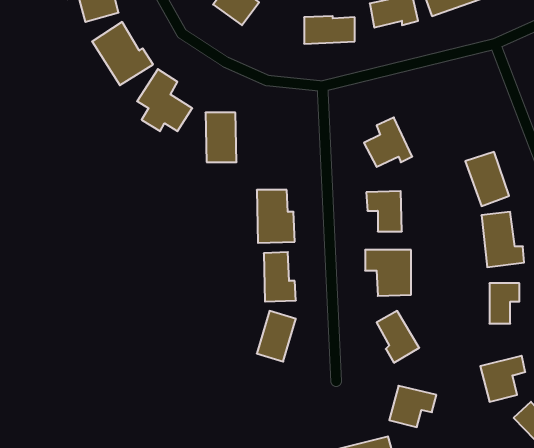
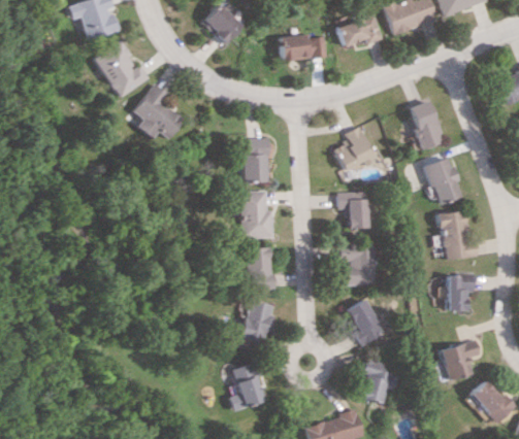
building: none -> [411,101,447,150]
building: [205,113,237,162] -> [241,139,269,183]
building: none -> [227,364,266,412]

